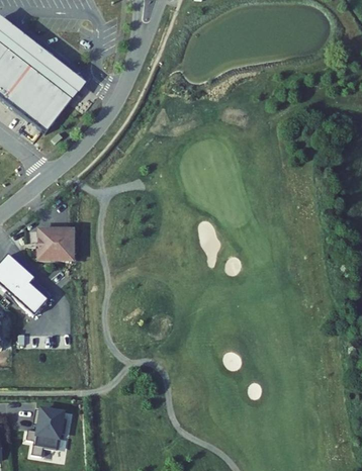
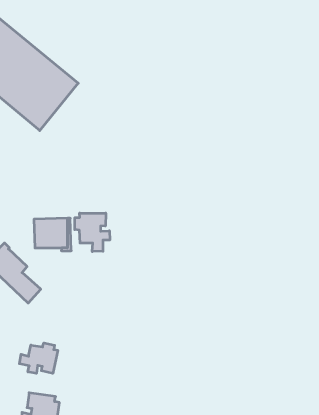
building: none -> [75,213,110,252]
building: none -> [19,343,58,373]

